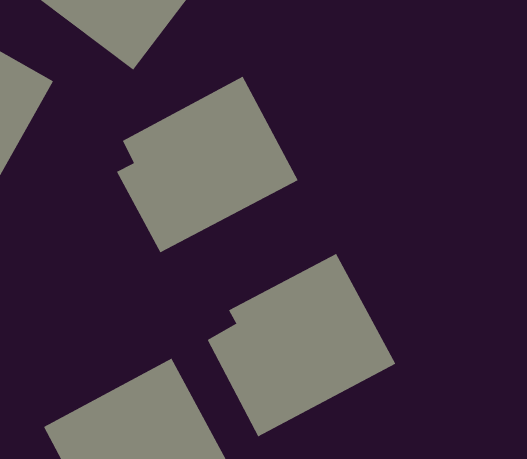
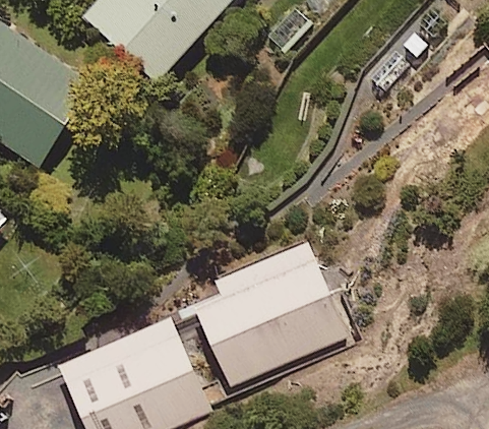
building: [116,76,299,253] -> none

